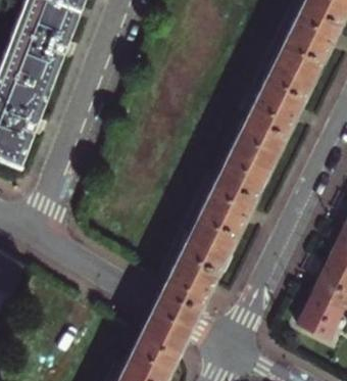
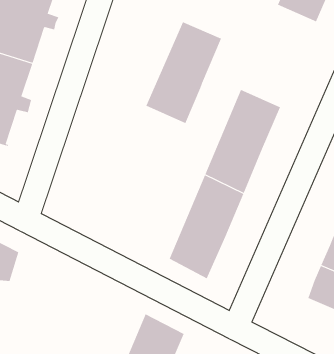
building: [246,42,323,140] -> [146,21,222,124]
building: [143,279,204,351] -> none

